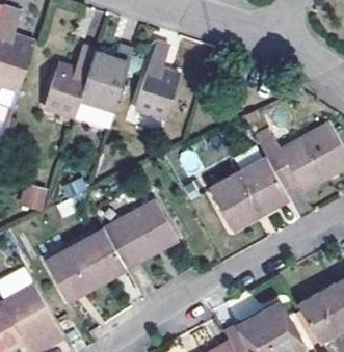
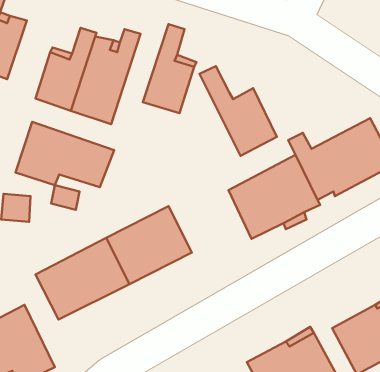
building: none -> [200,66,277,156]
building: none -> [15,122,114,187]

